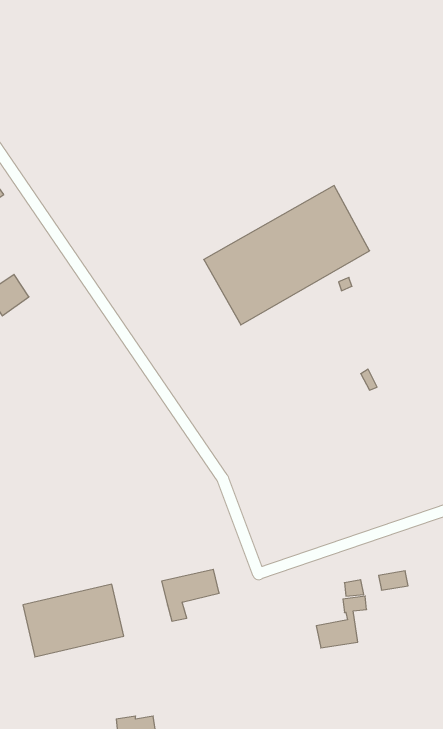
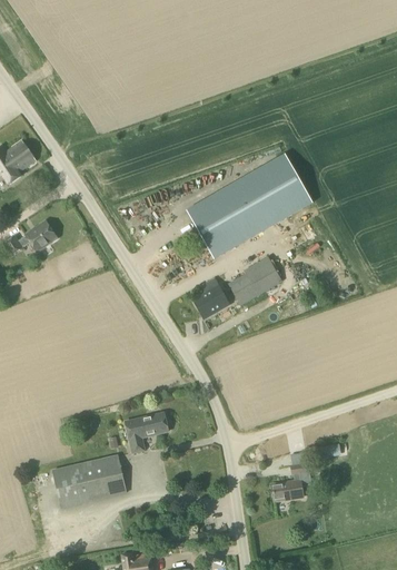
building: none -> [227,256,281,305]
building: none -> [192,278,228,318]
building: [162,569,219,621] -> [125,412,168,451]

